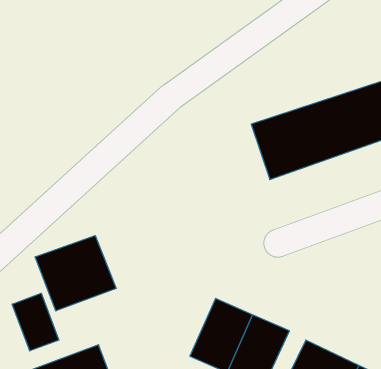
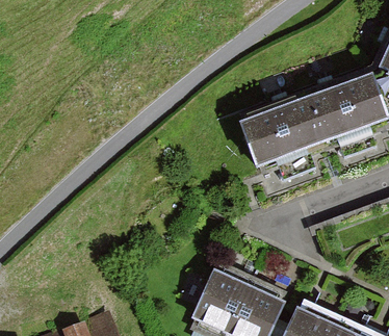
building: [35,236,116,311] -> none
building: [12,293,59,351] -> none

